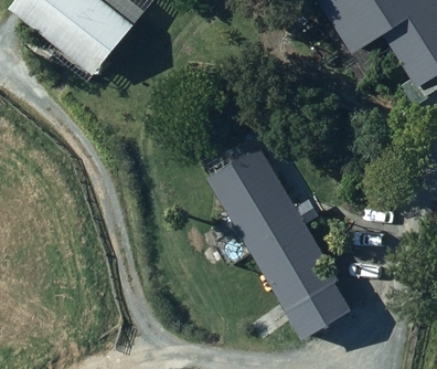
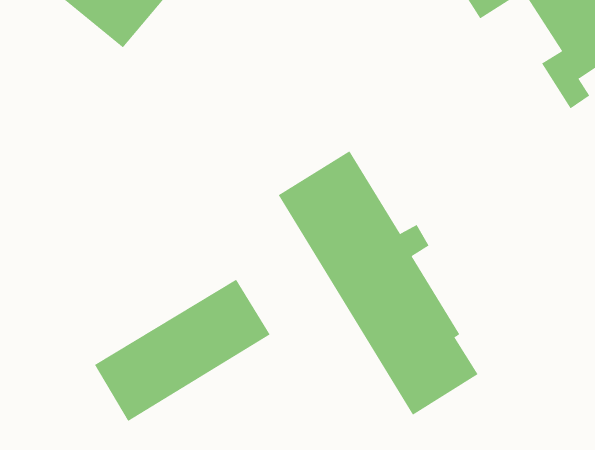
building: none -> [94,279,271,422]

